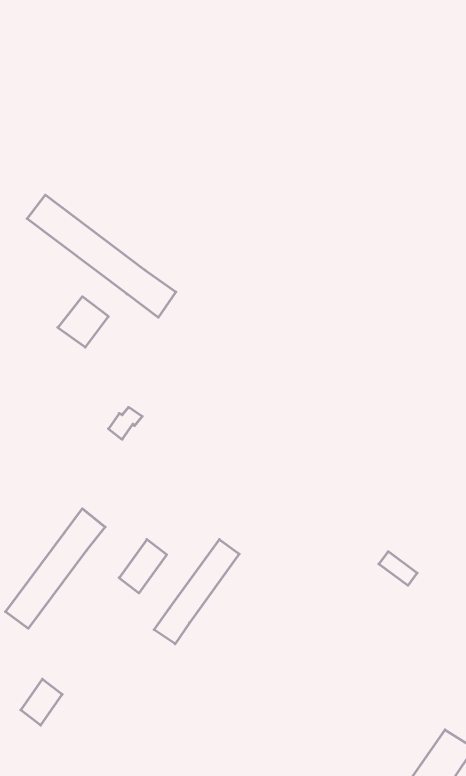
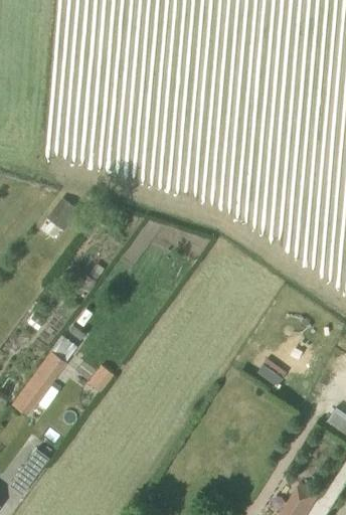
building: [27,195,176,317] -> none
building: [154,539,239,644] -> none

